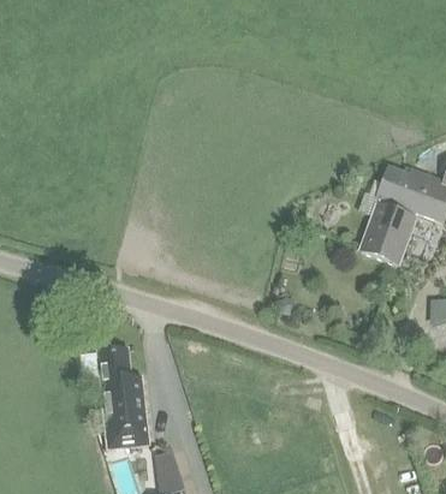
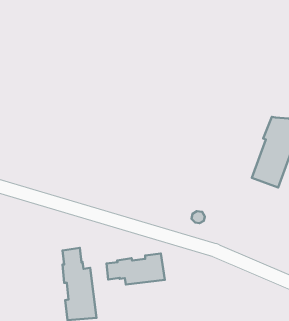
building: none -> [107,254,165,285]

